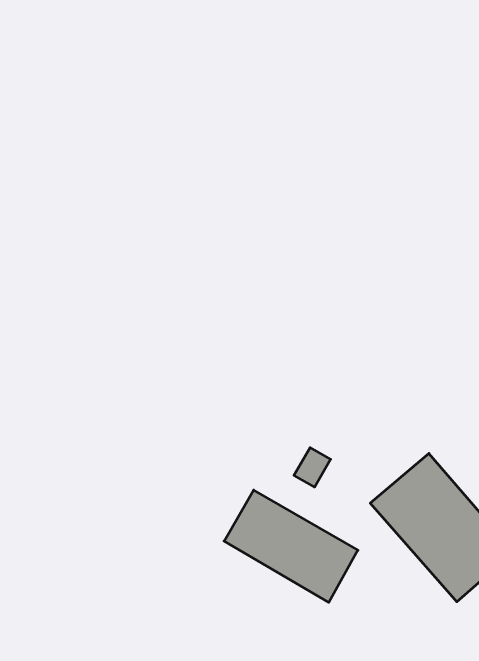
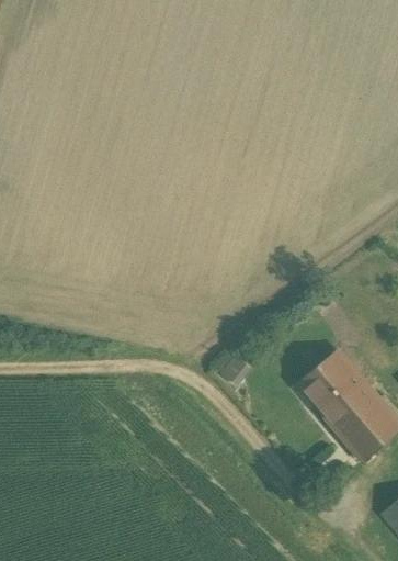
building: [224,490,358,602] -> none

